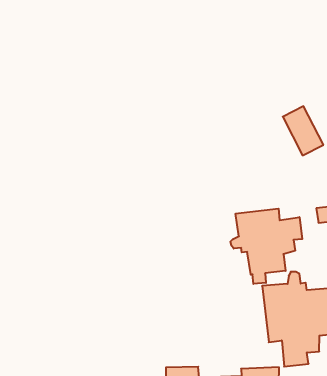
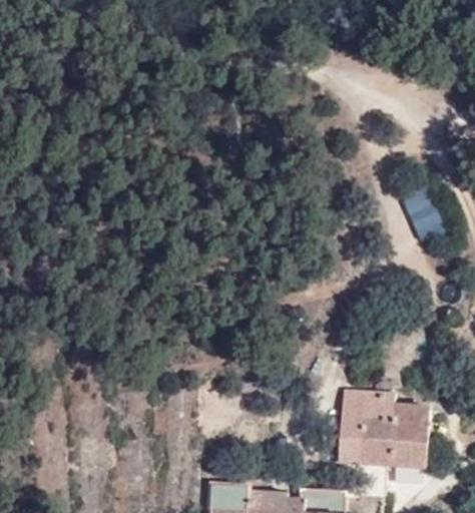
building: [231,209,302,284] -> none

